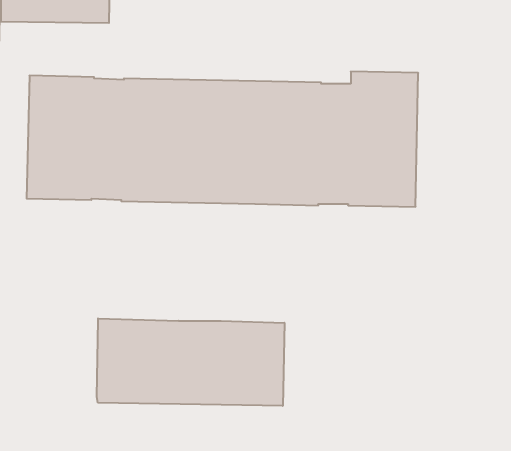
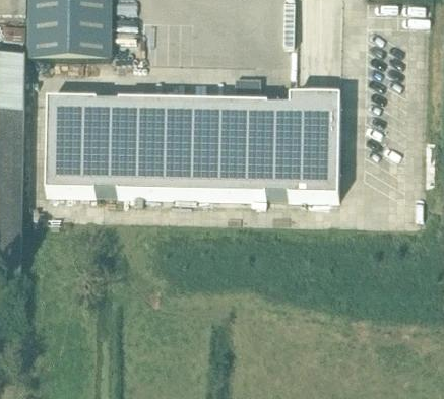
building: [97,318,284,406] -> none

